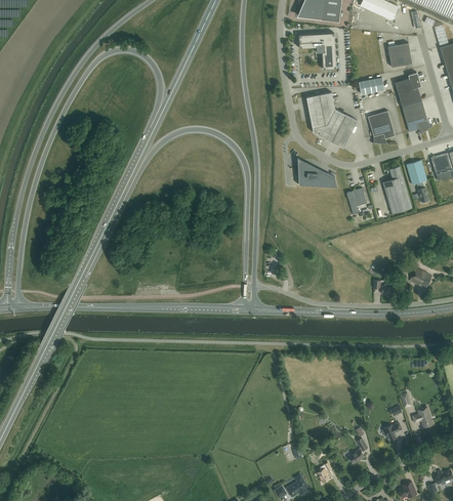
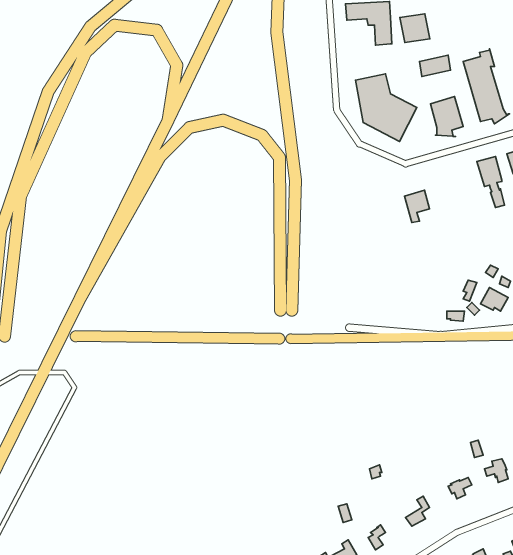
building: [387,43,412,67] -> [400,14,430,43]
building: [298,164,337,187] -> none
building: [382,166,411,213] -> none

